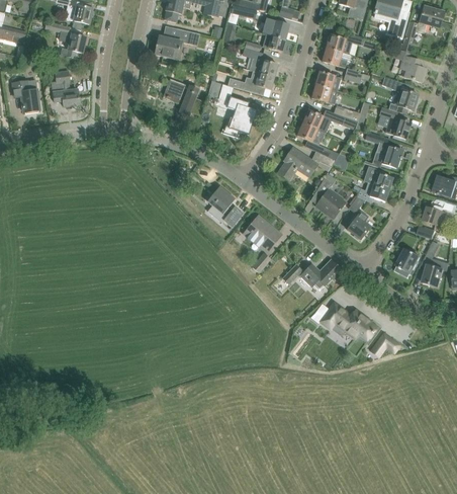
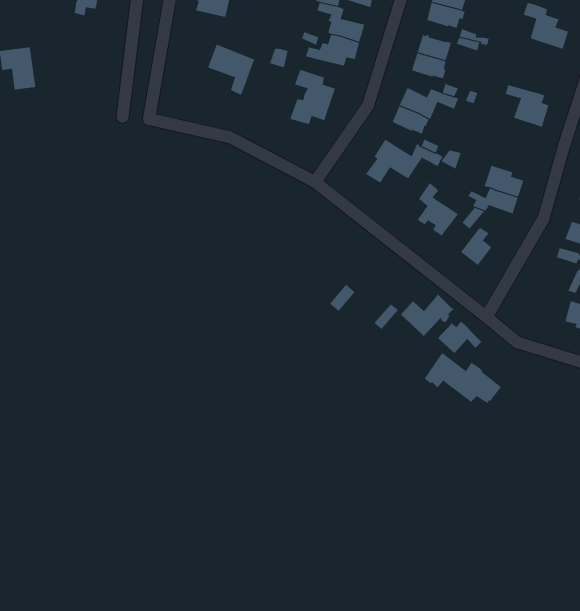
building: [52,70,80,106] -> none
building: [382,77,418,114] -> none
building: [365,132,403,167] -> none
building: [204,185,243,227] -> none
building: [245,217,282,252] -> none
building: [394,248,420,277] -> none
building: none -> [437,321,482,354]

